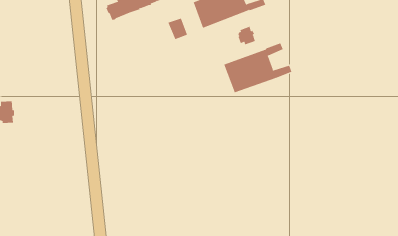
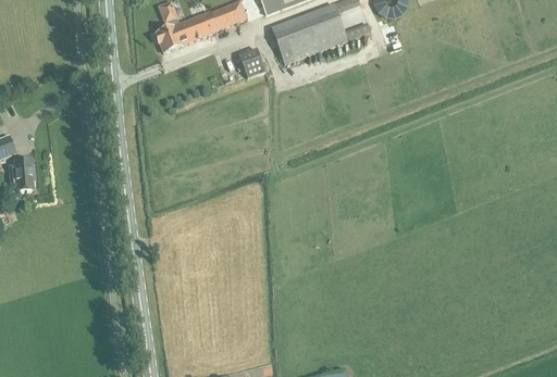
building: [238,26,256,45] -> none
building: [224,42,292,93] -> none

